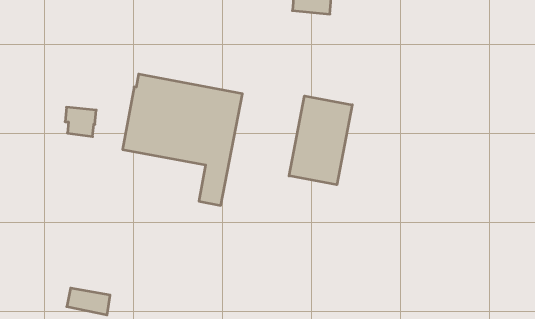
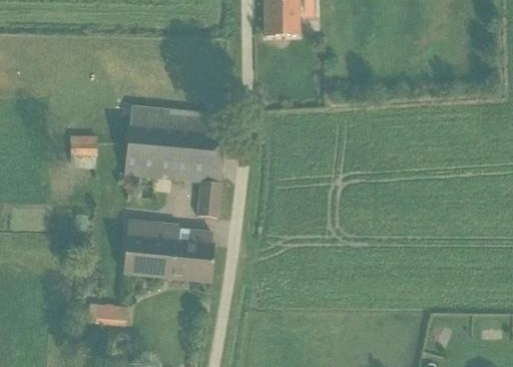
building: [289,96,352,185] -> none
building: none -> [123,218,214,281]

